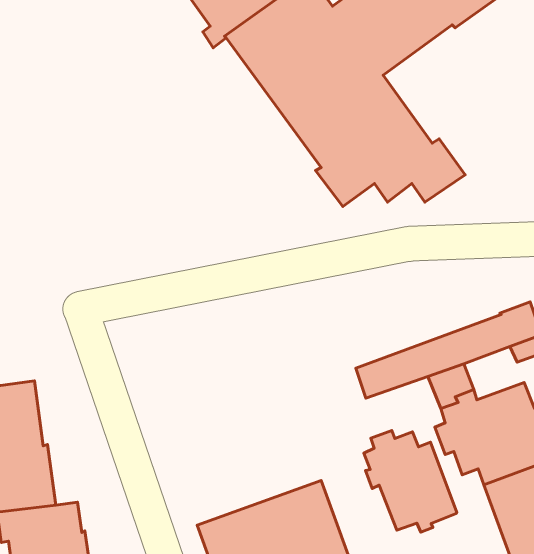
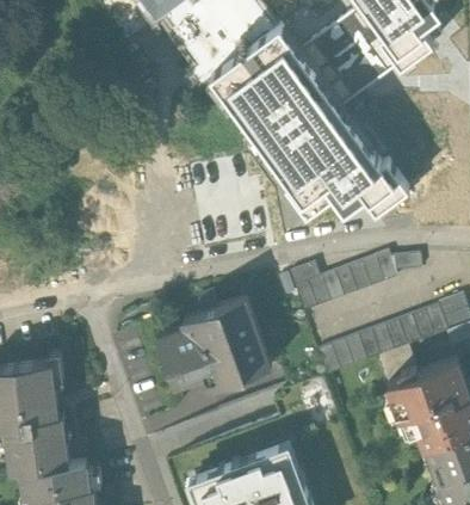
building: none -> [287,250,420,309]
building: none -> [155,291,270,382]
building: [364,430,457,532] -> none

